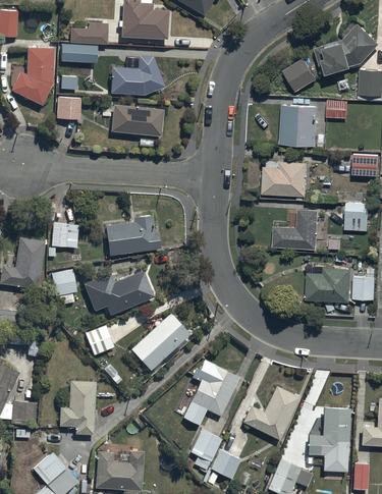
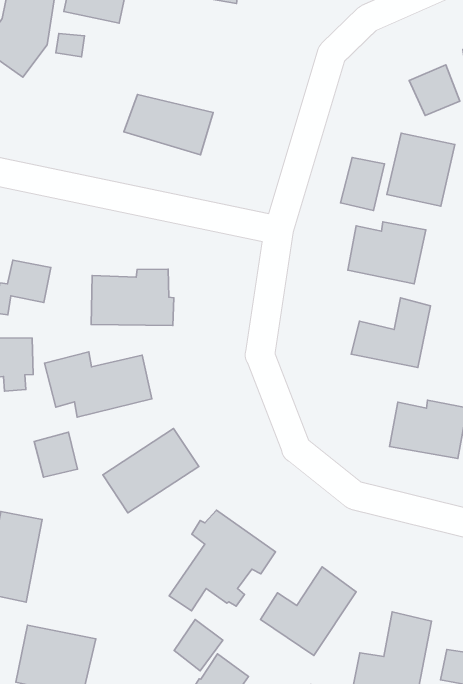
building: [112,57,165,97] -> none
building: [56,96,80,118] -> none
building: none -> [340,157,384,210]

